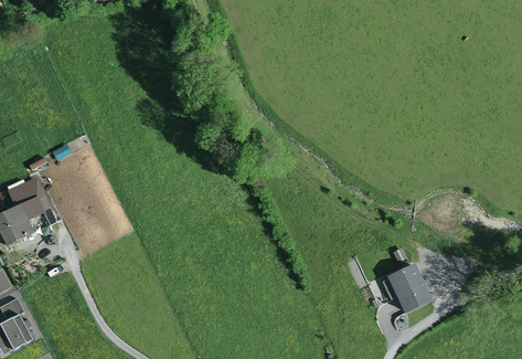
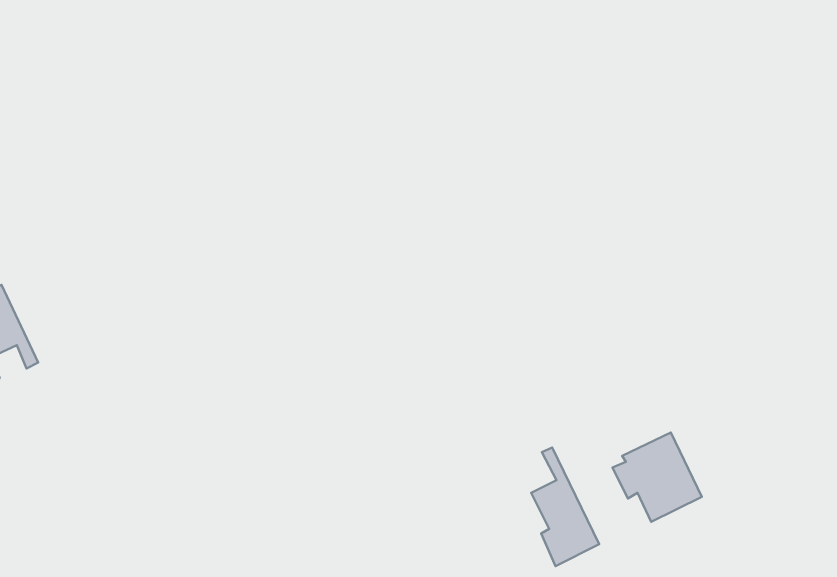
building: none -> [531,448,599,566]

